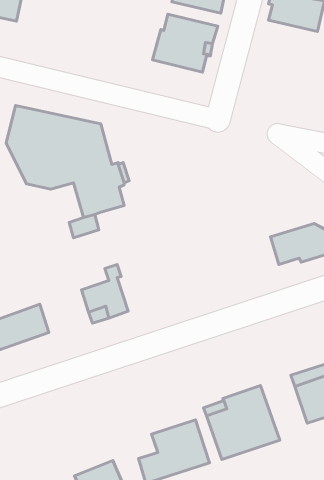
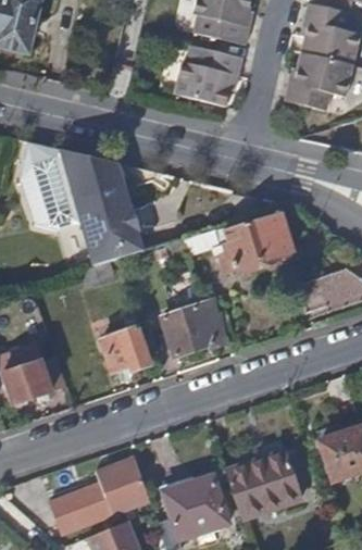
building: none -> [282,52,349,108]
building: none -> [178,213,288,278]
building: none -> [159,300,226,357]
building: none -> [54,454,152,534]

